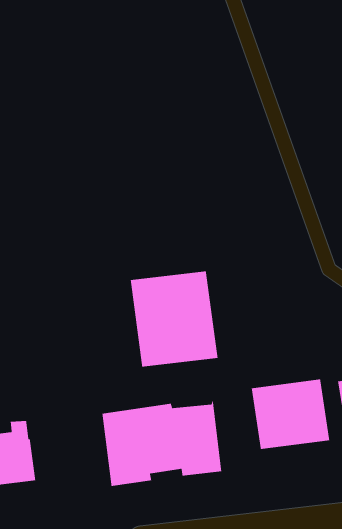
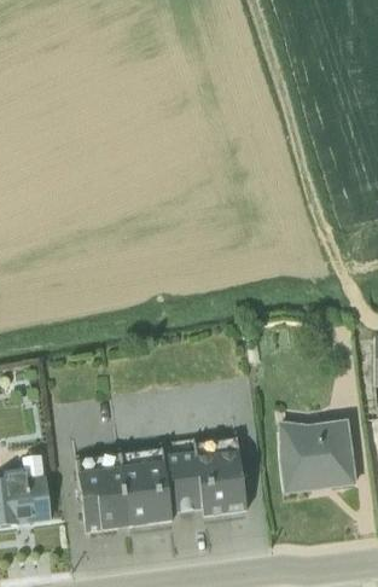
building: [130,270,218,368] -> none
building: none -> [75,452,128,536]

